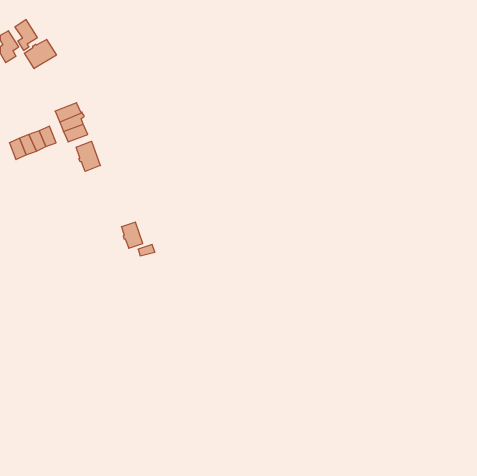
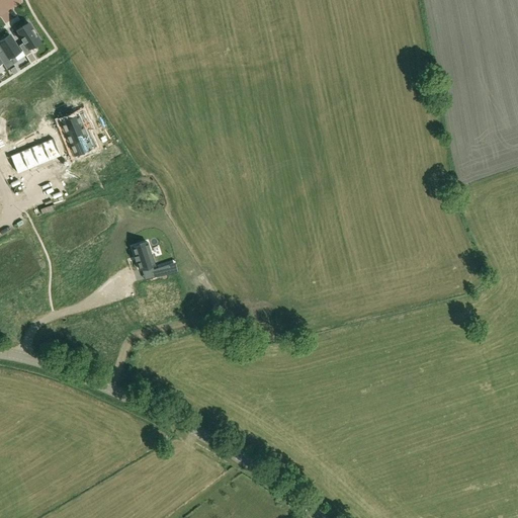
building: [24,39,56,69] -> none
building: [76,141,100,171] -> none

